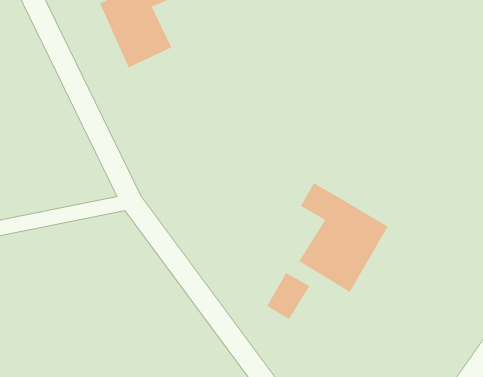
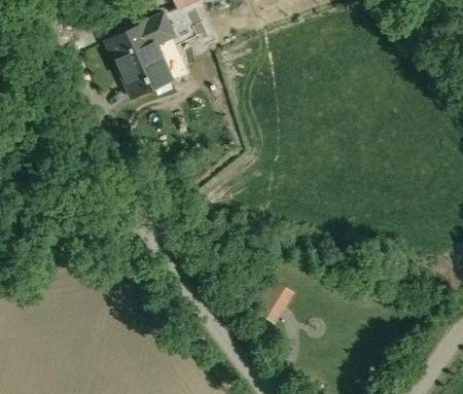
building: [298,182,388,293] -> none

